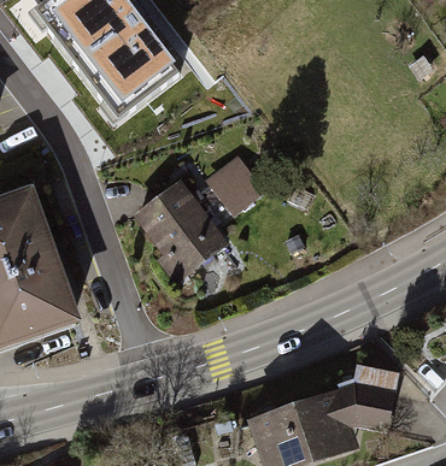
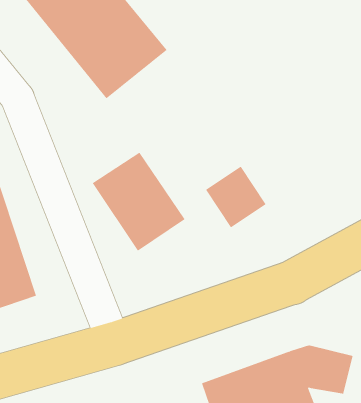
building: [206,154,268,217] -> [205,166,266,228]

